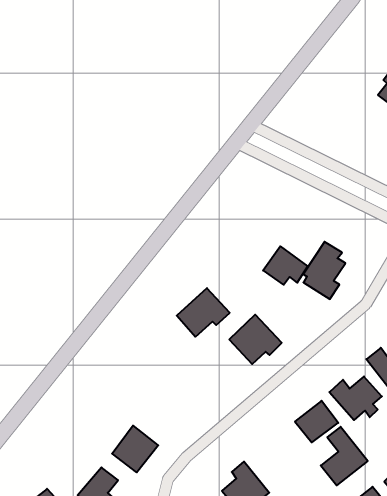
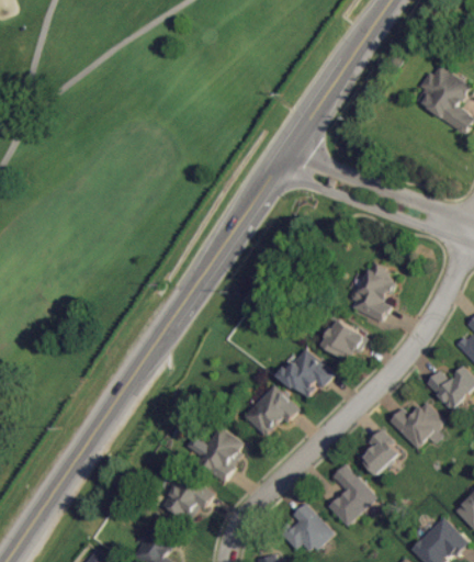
building: [263,246,308,285] -> [319,319,366,360]
building: [177,288,230,337] -> [242,384,298,437]
building: none -> [191,425,242,483]
building: [321,427,368,485] -> [327,464,376,527]

